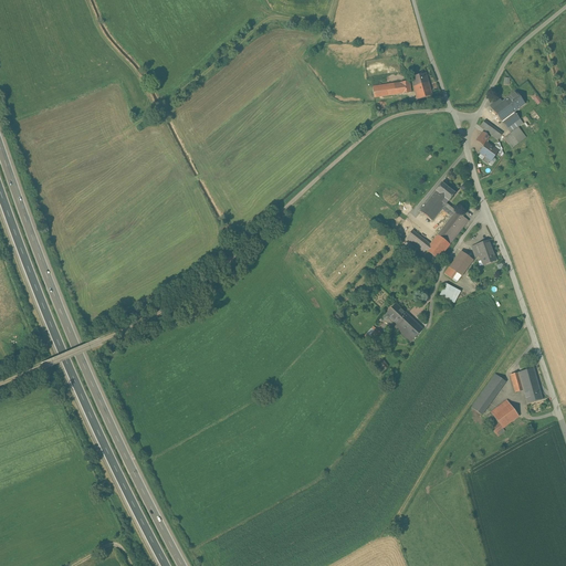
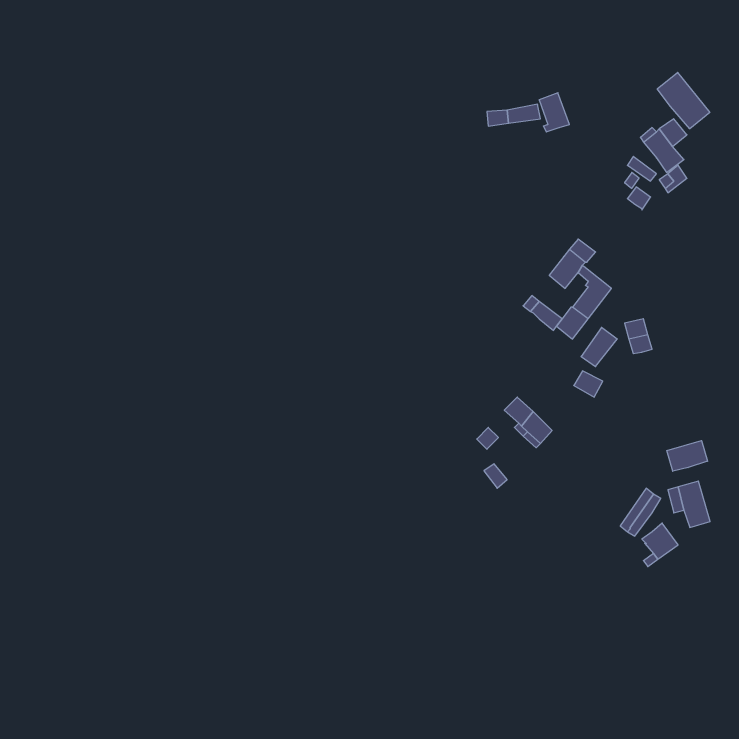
building: none -> [657,72,710,129]
building: none -> [667,441,708,471]

